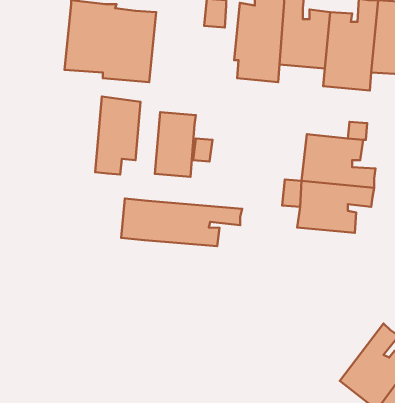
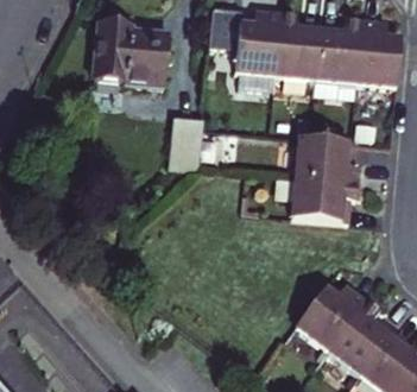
building: [95,97,140,175] -> none
building: [121,199,242,246] -> none
building: none -> [298,284,368,349]

